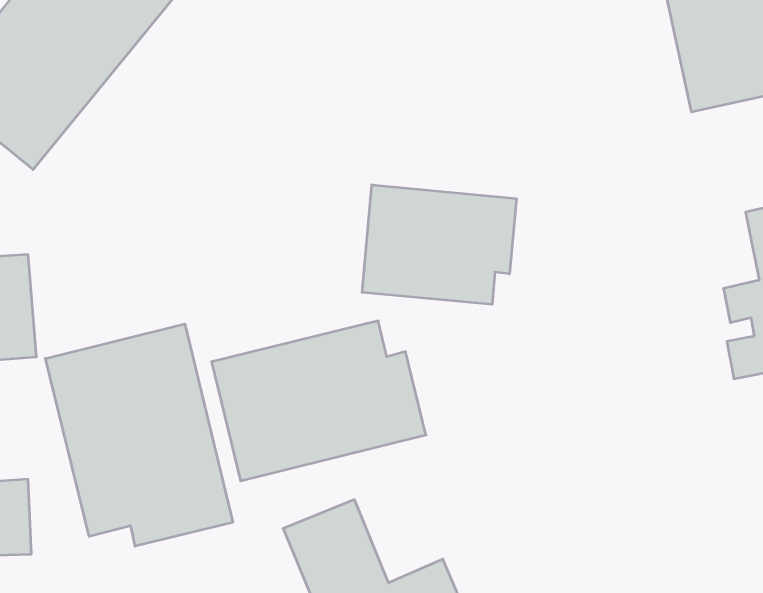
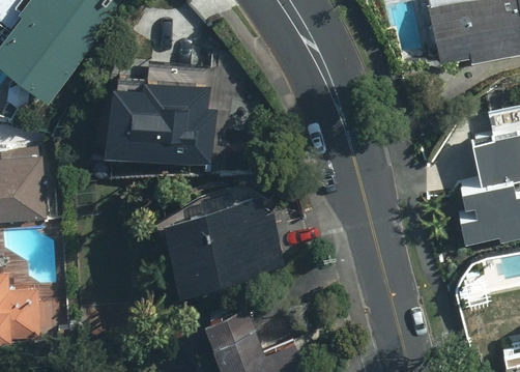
building: none -> [102,81,218,164]
building: [362,185,516,304] -> none
building: [45,324,233,546] -> none

